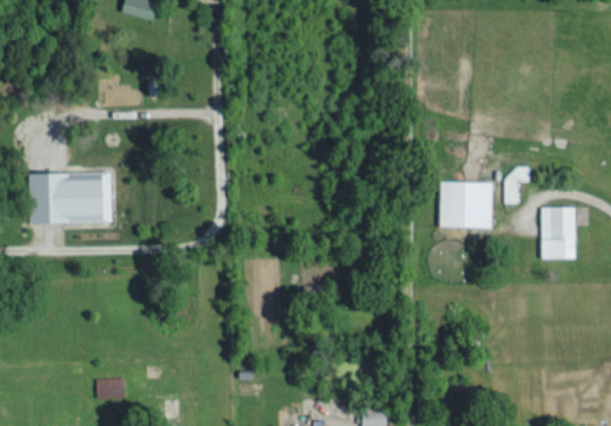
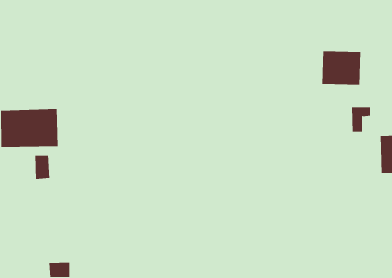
building: [439,182,492,228] -> [321,51,361,85]
building: none -> [35,155,50,180]

